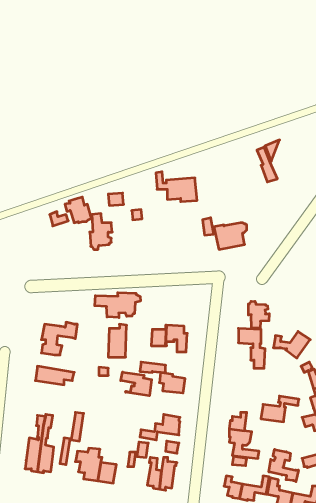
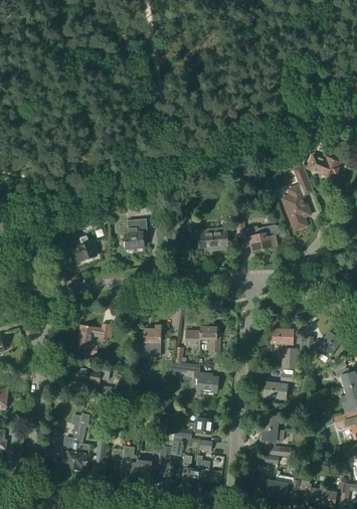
building: none -> [308,155,340,181]
building: [156,172,197,202] -> [188,221,228,250]
building: none -> [283,185,310,229]
building: [65,197,92,223] -> [69,235,96,261]
building: [95,293,140,318] -> none
building: [248,301,269,328] -> none
building: [121,372,152,396] -> none
building: [261,396,299,422] -> [263,373,301,398]
building: [269,449,298,482] -> none

